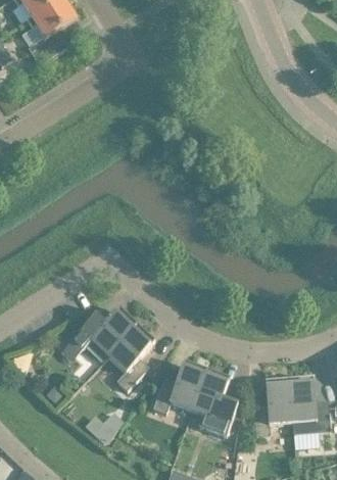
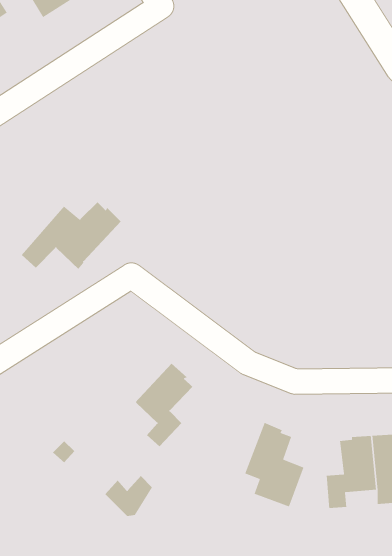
building: [60,309,137,362] -> [21,201,122,270]
building: [153,364,207,413] -> none

